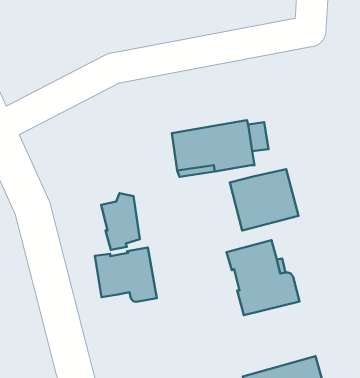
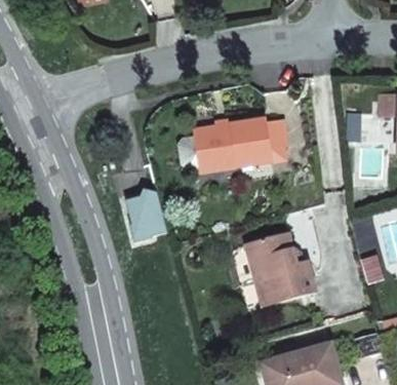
building: [230,169,298,231] -> none
building: [95,248,157,302] -> none

